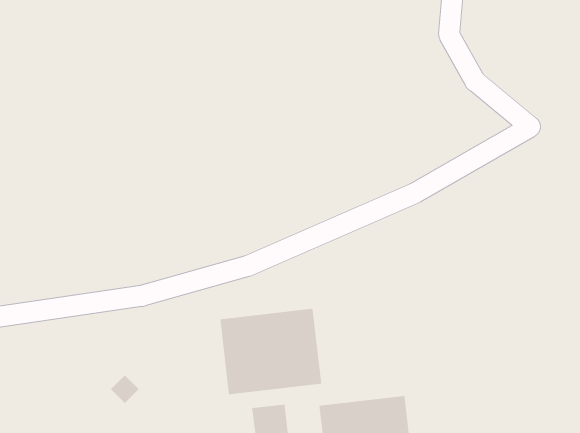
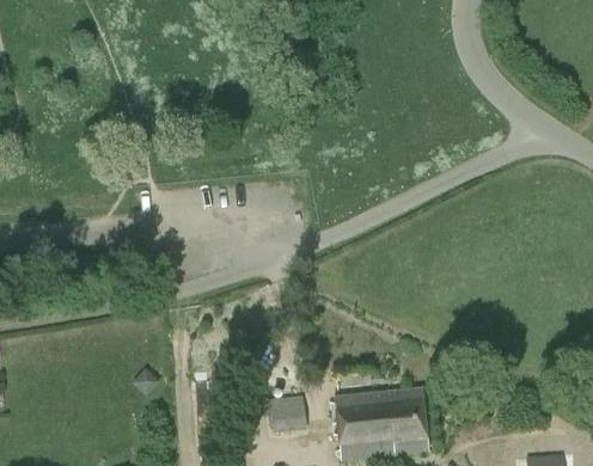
building: [220,308,322,395] -> none

